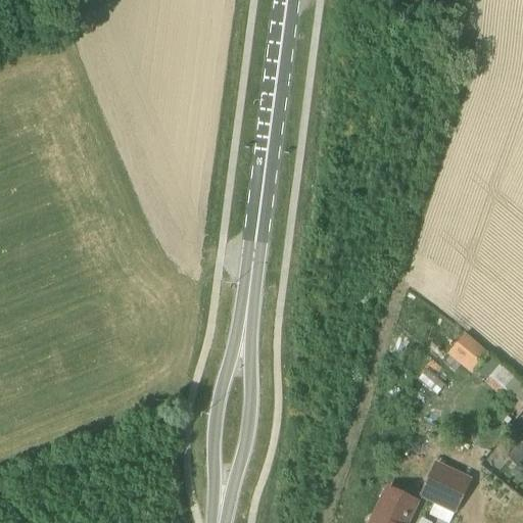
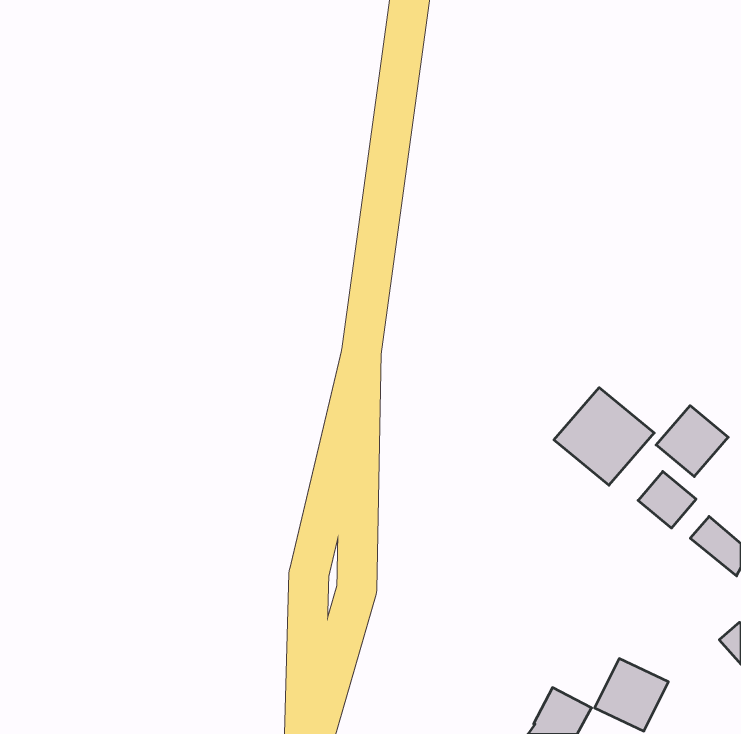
building: none -> [554,388,654,485]
building: none -> [656,406,728,477]

